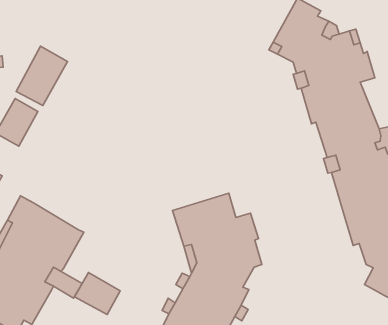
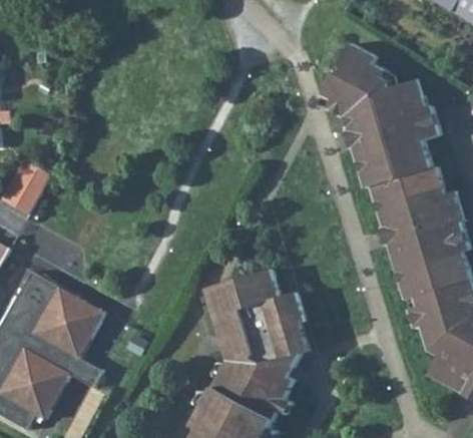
building: [16,46,68,106] -> none
building: [75,272,120,315] -> none

